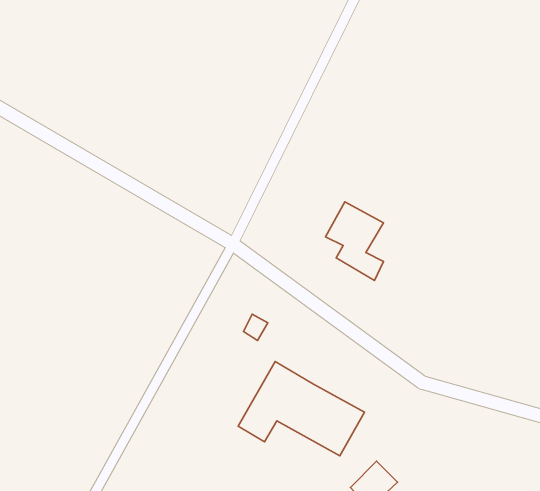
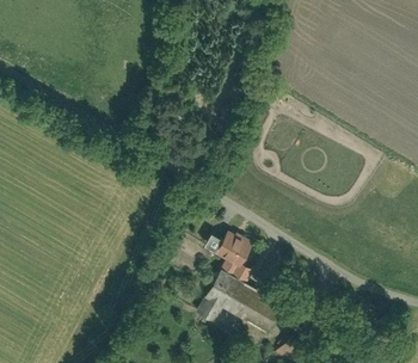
building: [326,202,383,281] -> [214,230,253,284]

